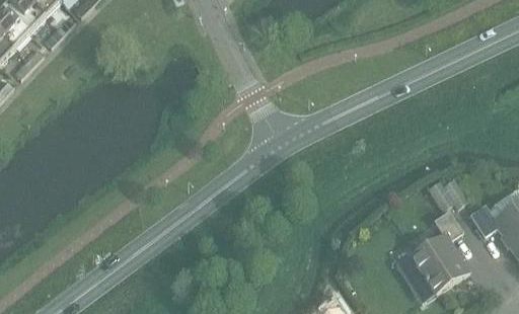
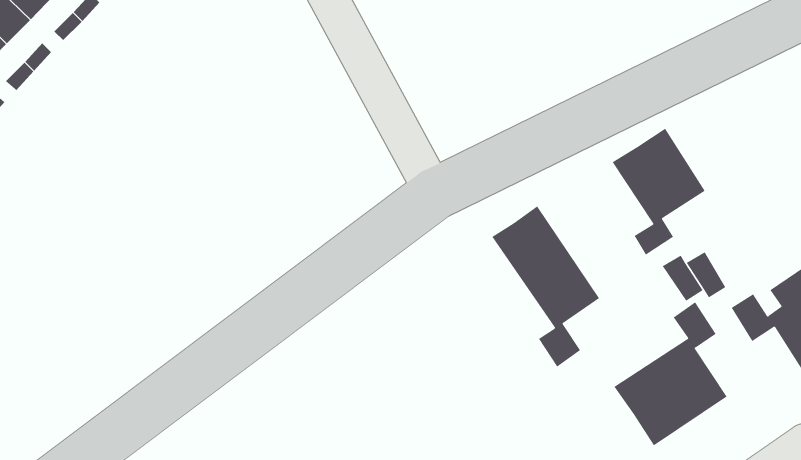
building: none -> [612,128,706,256]
building: none -> [491,206,600,368]

